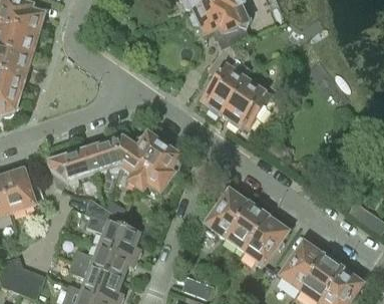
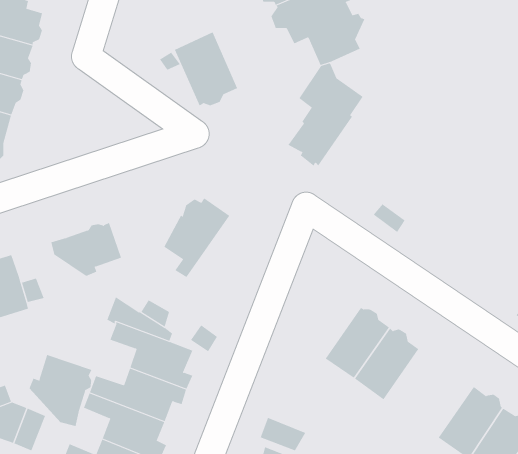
building: none -> [174,31,238,107]
building: [222,80,270,126] -> none
building: [86,137,132,172] -> none
building: [136,144,181,192] -> none
building: [205,188,249,237] -> none
building: none -> [29,354,92,427]
building: [281,242,322,288] -> none

